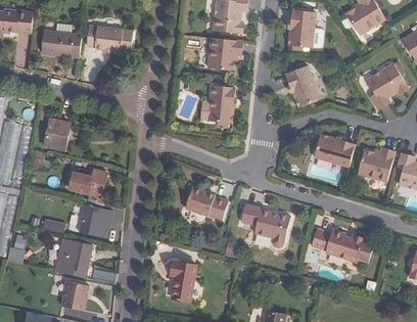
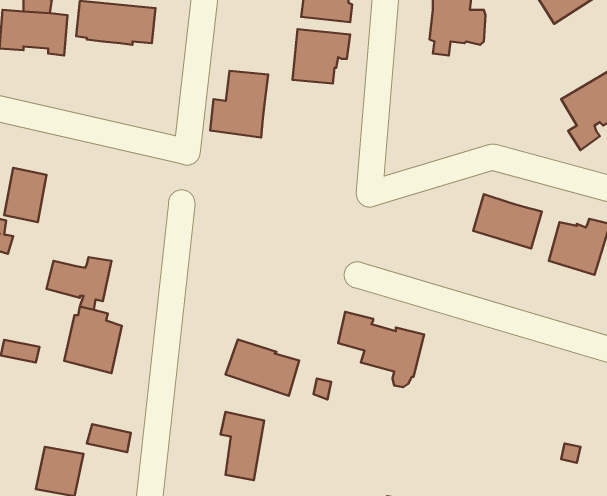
building: [286,65,320,106] -> none
building: [203,84,237,123] -> [210,71,268,138]
building: [182,187,225,220] -> [225,340,299,396]
building: [308,229,370,263] -> none
building: [58,239,91,277] -> none

